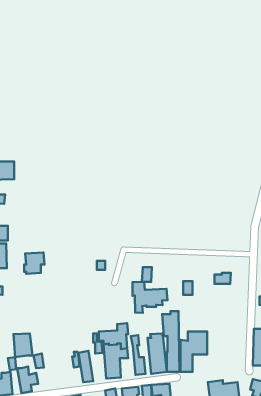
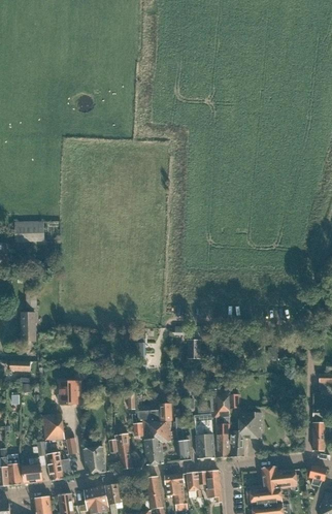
building: [24,253,45,274] -> [58,382,80,406]
building: [132,282,168,313] -> none
building: none -> [82,447,106,476]

